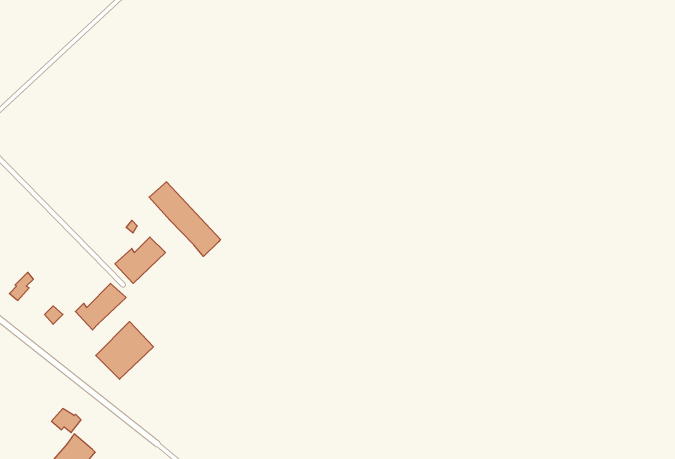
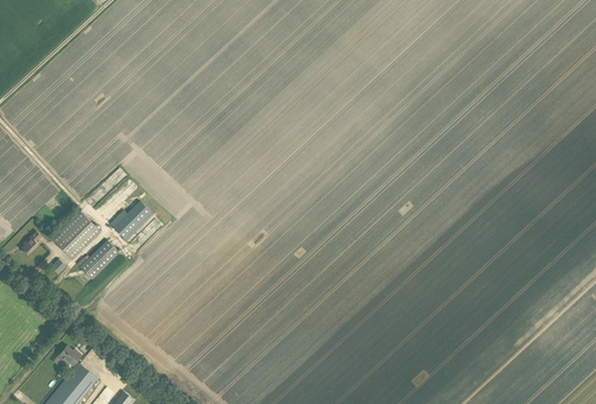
building: [149,182,220,256] -> none
building: [96,322,153,379] -> [52,210,101,259]

